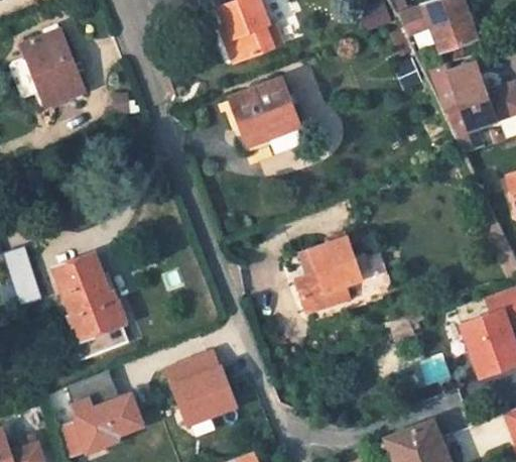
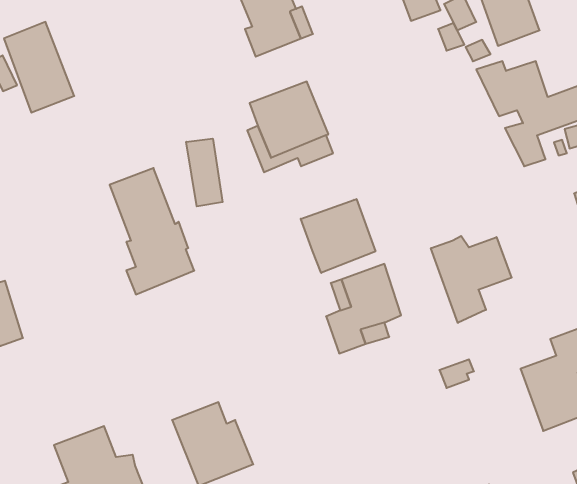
building: none -> [186,139,223,206]
building: none -> [301,199,375,273]
building: none -> [431,236,512,323]
building: [57,254,129,361] -> [110,168,194,294]

